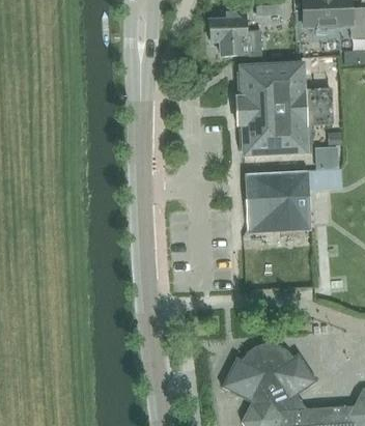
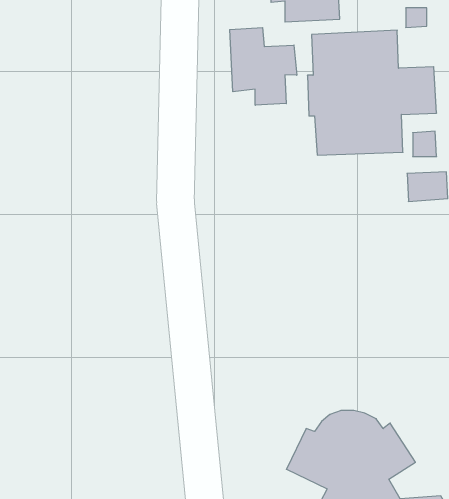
building: none -> [230,28,297,105]
building: [243,170,312,237] -> none

